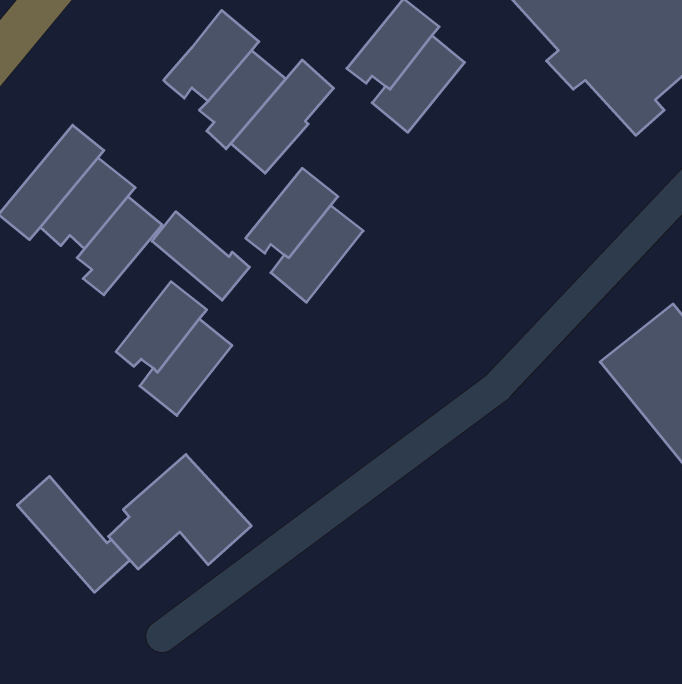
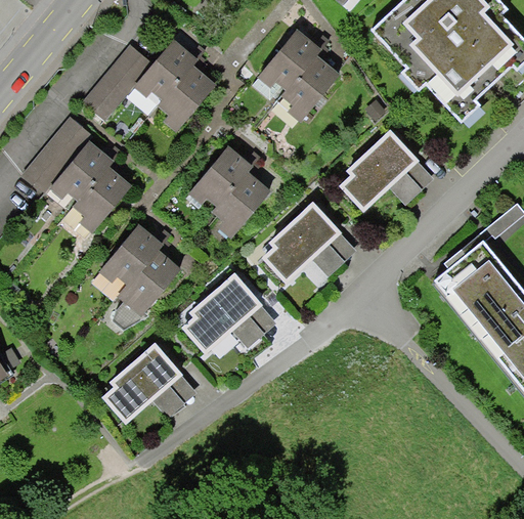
building: [231,60,334,173] -> [83,44,154,122]
building: none -> [338,131,429,209]
building: [152,212,250,300] -> none
building: none -> [259,203,355,283]
building: none -> [178,273,271,352]
building: [17,476,130,592] -> none

